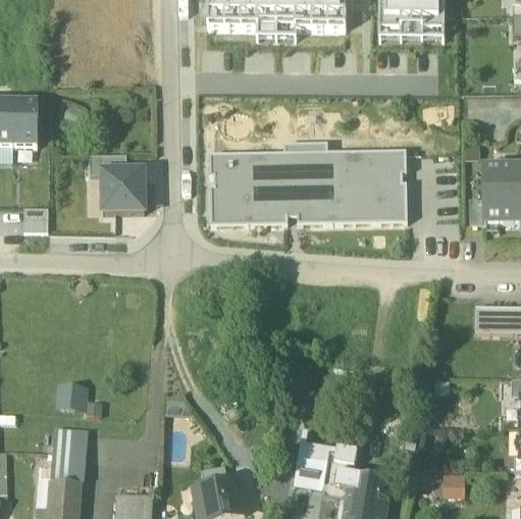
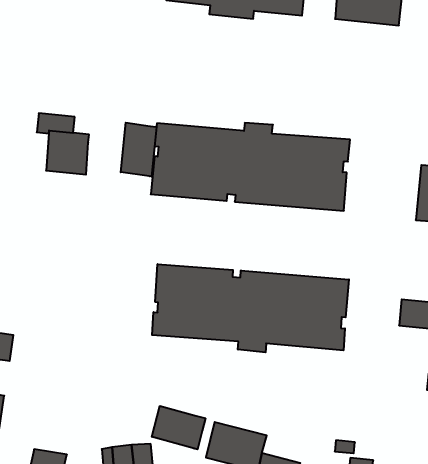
building: none -> [121,123,157,177]
building: none -> [152,264,349,352]
building: none -> [152,406,205,449]

